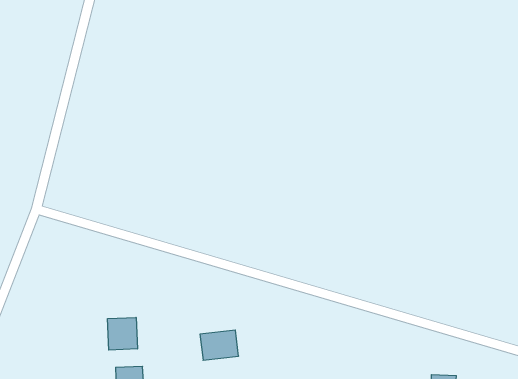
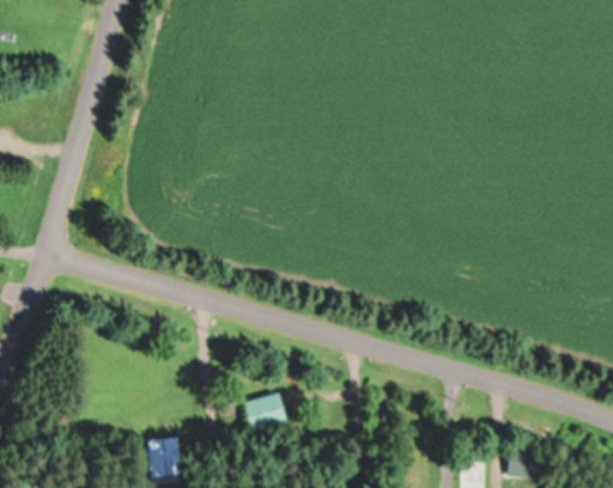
building: [108,317,137,350] -> none

